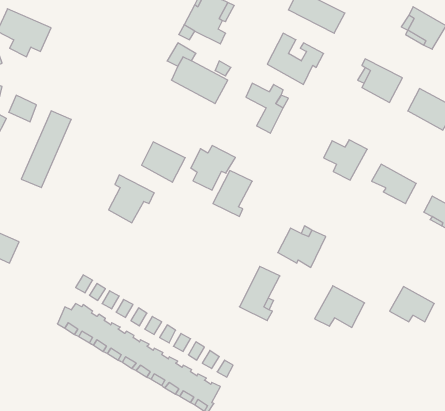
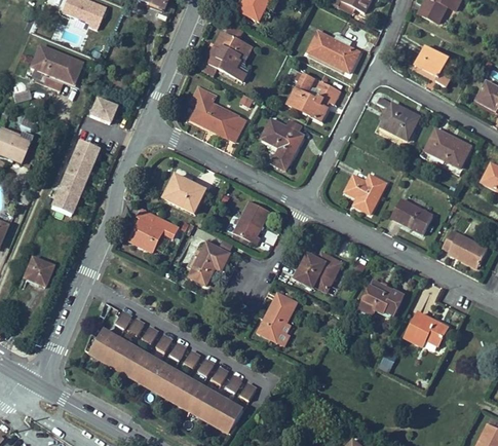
building: [9,95,36,122] -> [88,101,115,126]
building: [191,146,235,190] -> [188,243,231,286]
building: [315,286,365,327] -> [359,276,408,317]

